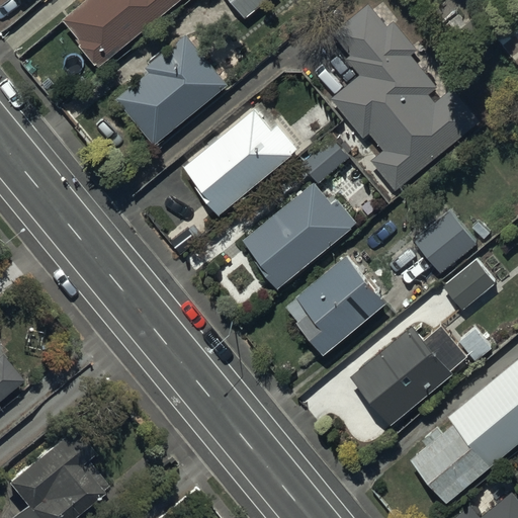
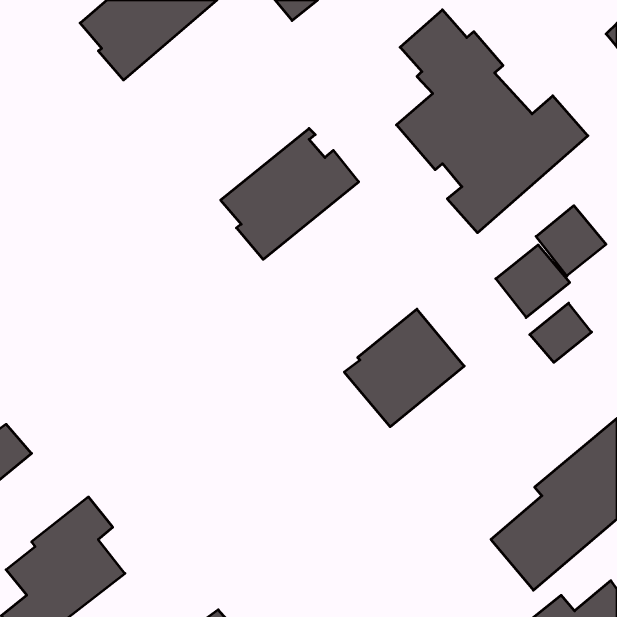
building: [117,39,229,151] -> none
building: [244,141,357,289] -> none
building: none -> [536,206,606,276]
building: [349,317,465,418] -> none

